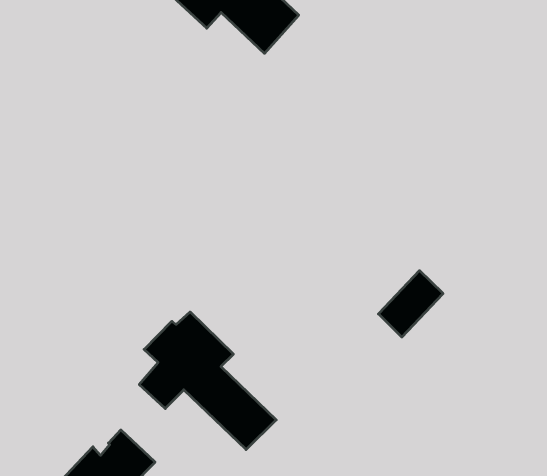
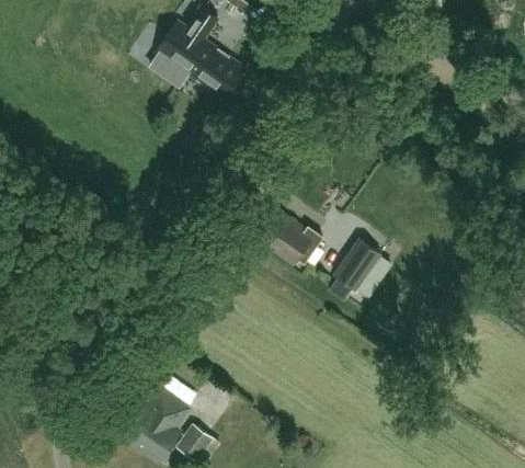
building: none -> [258,210,323,266]
building: [139,312,276,450] -> none

